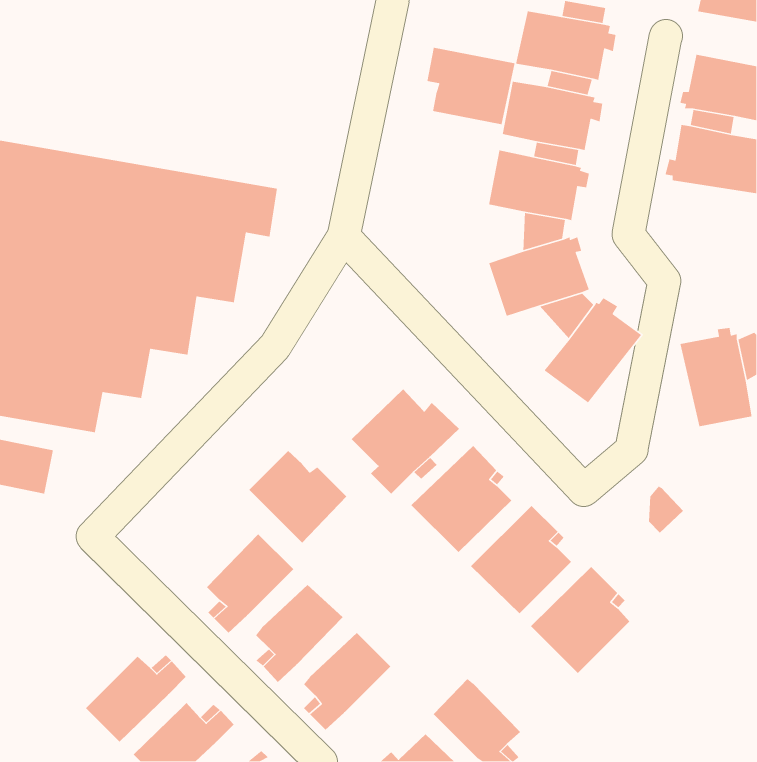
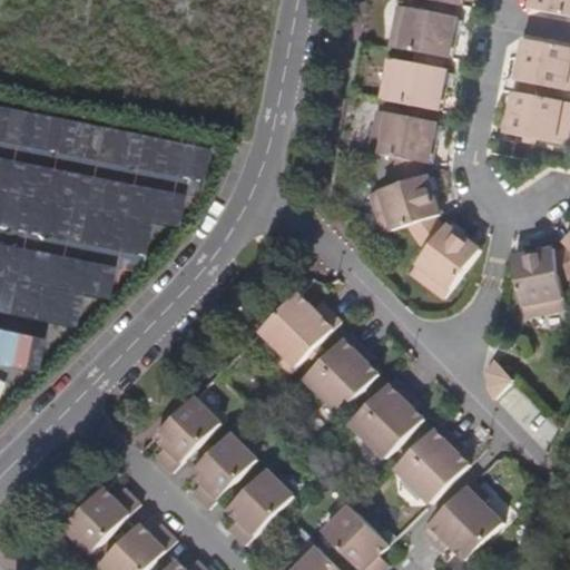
building: [427,47,515,125] -> none
building: [248,450,347,543] -> none
building: none -> [422,480,502,560]

